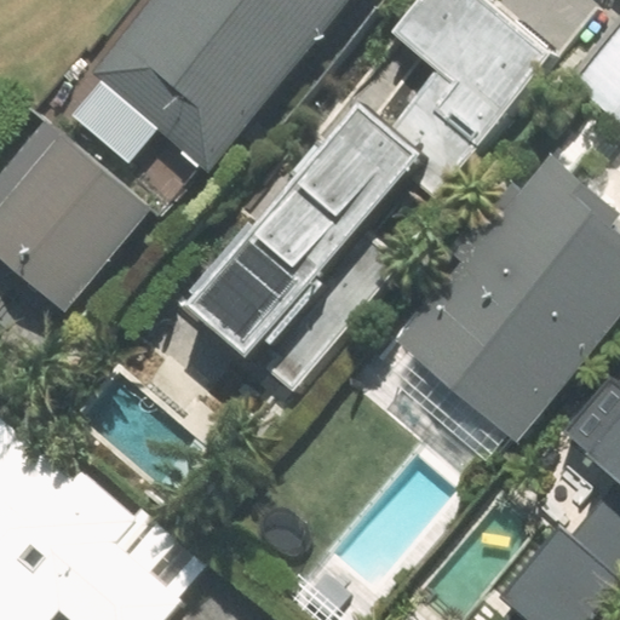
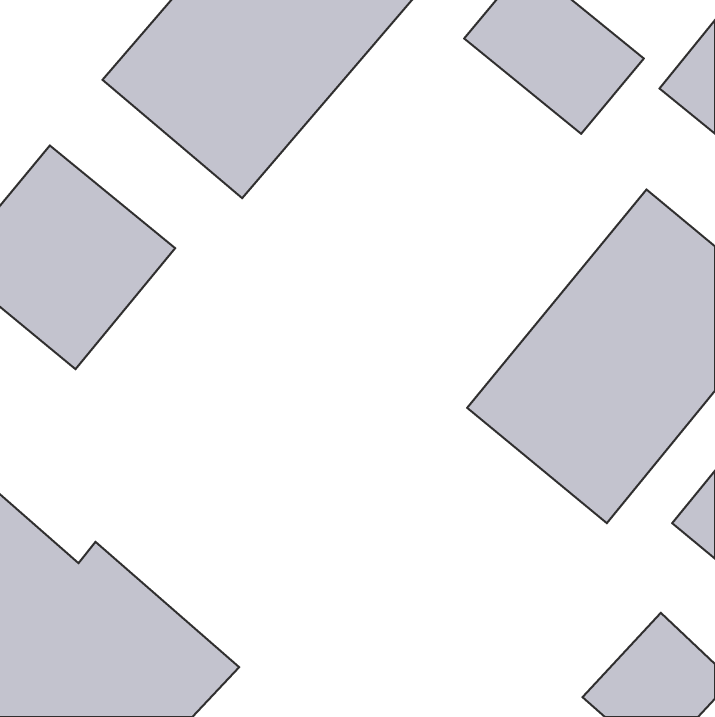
building: [185,104,427,361] -> none

